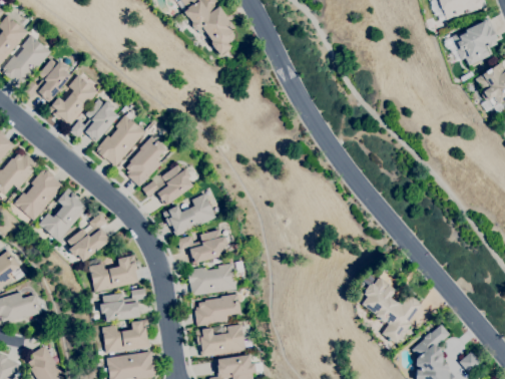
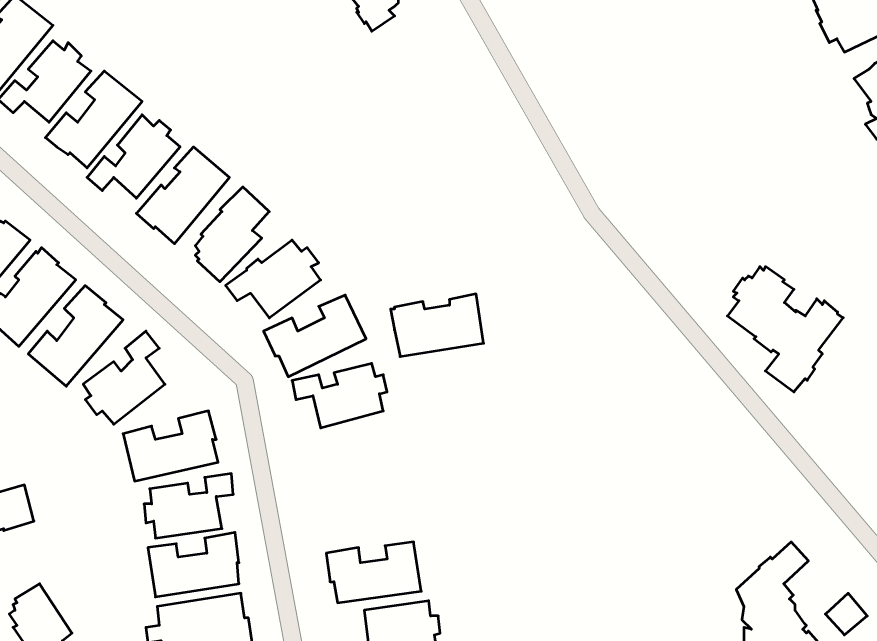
building: [188,263,237,296] -> [391,294,484,357]
building: [362,278,423,344] -> [727,267,843,392]
building: [195,294,241,326] -> none

